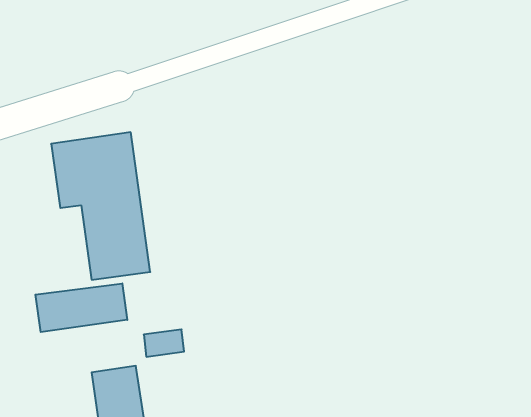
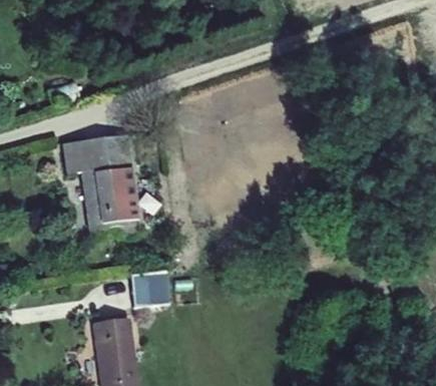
building: [35,283,127,332] -> none

